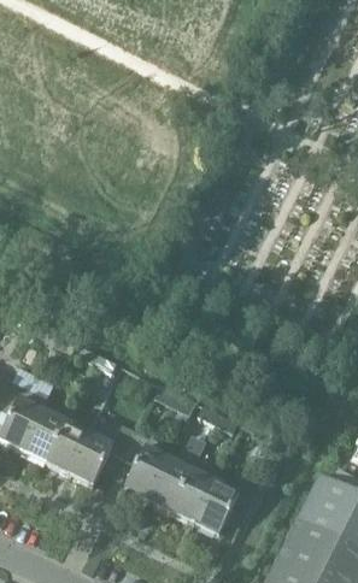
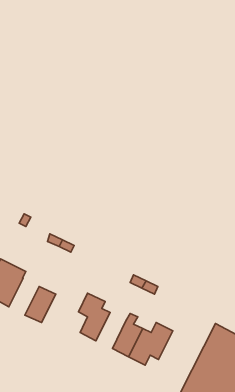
building: [22,410,65,463] -> none
building: [69,424,135,485] -> none
building: [147,454,196,511] -> none

